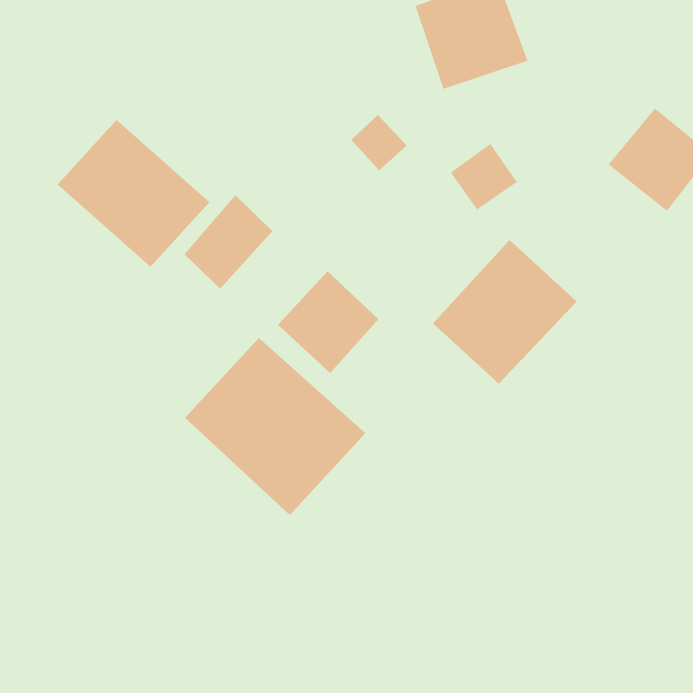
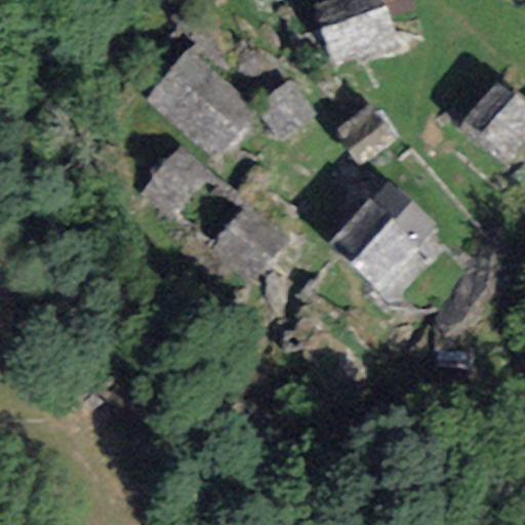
building: [57,119,210,267] -> [145,49,260,161]
building: [184,337,366,516] -> none

